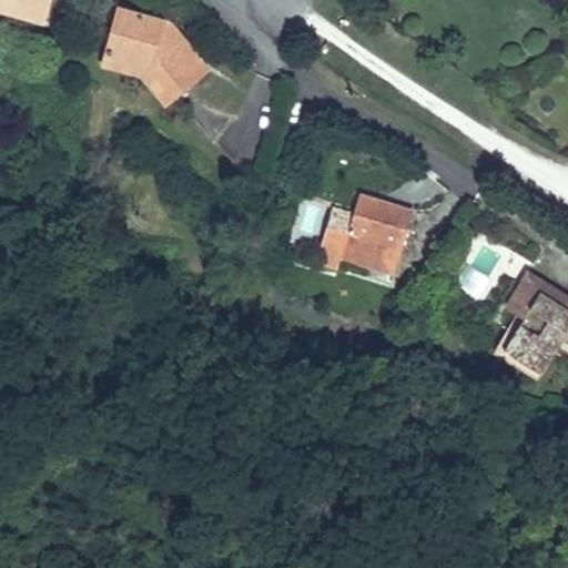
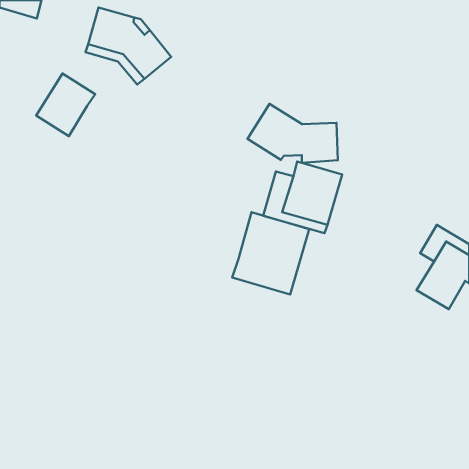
building: none -> [36,73,95,136]
building: none -> [248,104,338,163]
building: none -> [232,212,309,295]

